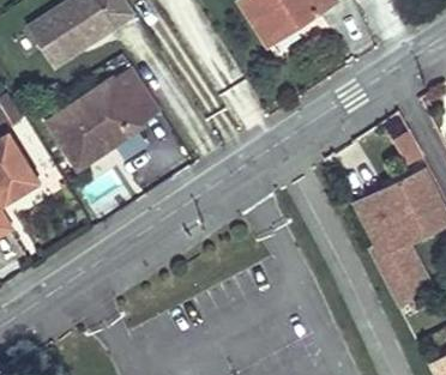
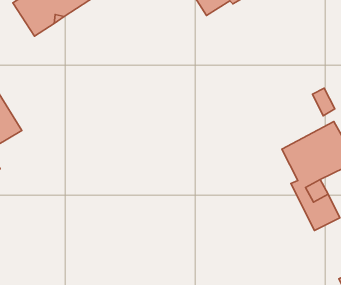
building: [54,68,167,164] -> none

